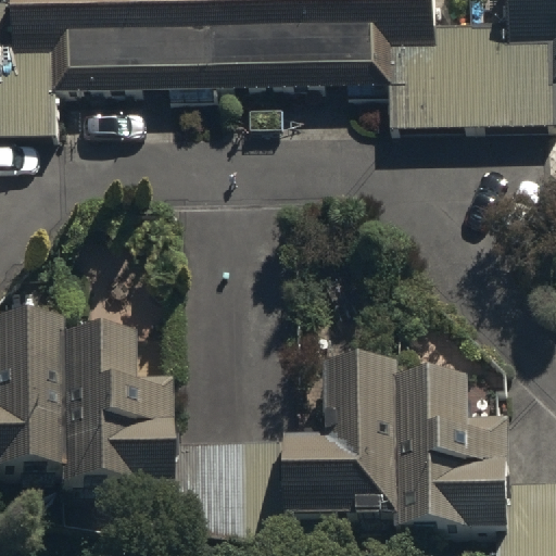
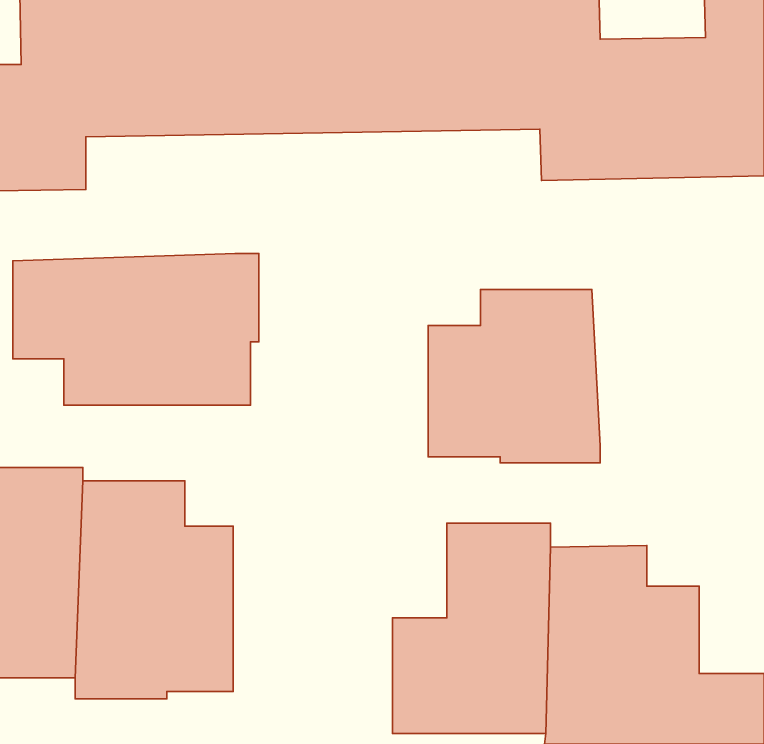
building: none -> [13,254,259,405]
building: none -> [428,290,600,463]

